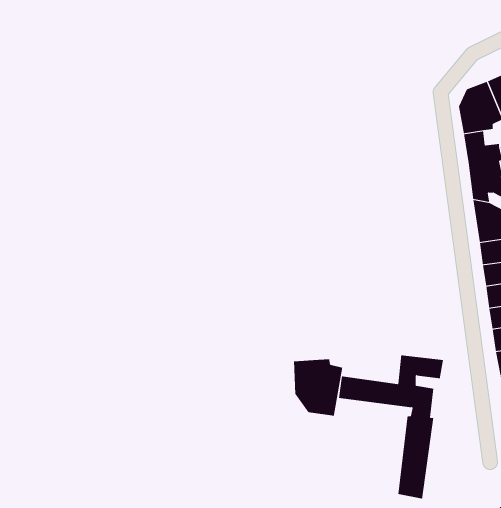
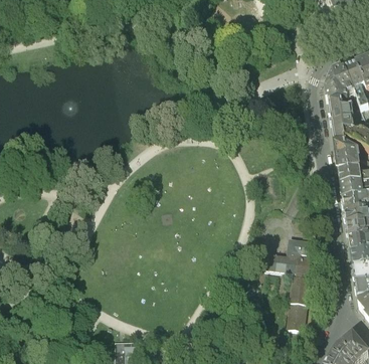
building: [294,358,343,417] -> none

